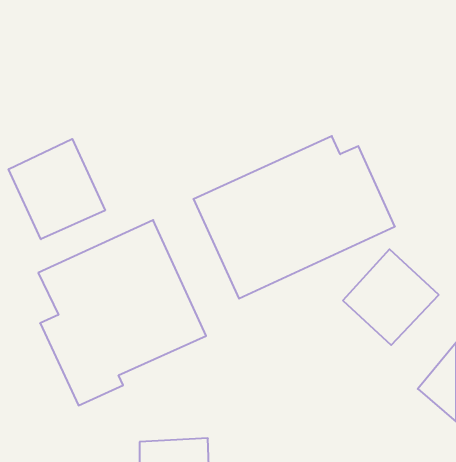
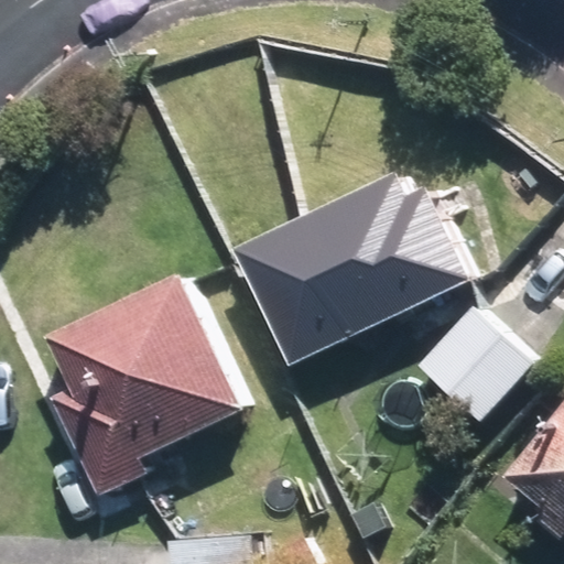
building: [9,139,105,239] -> none

